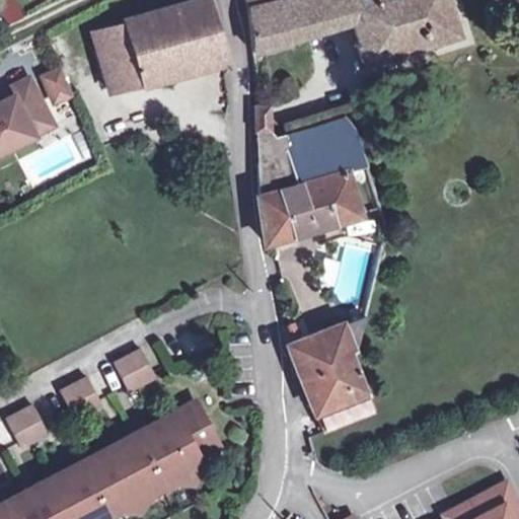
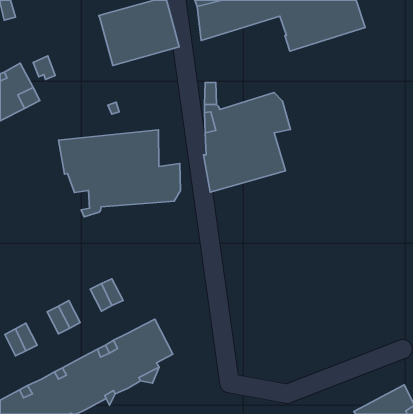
building: [94,22,143,90] -> none
building: none -> [58,130,181,217]
building: [290,314,376,431] -> none

